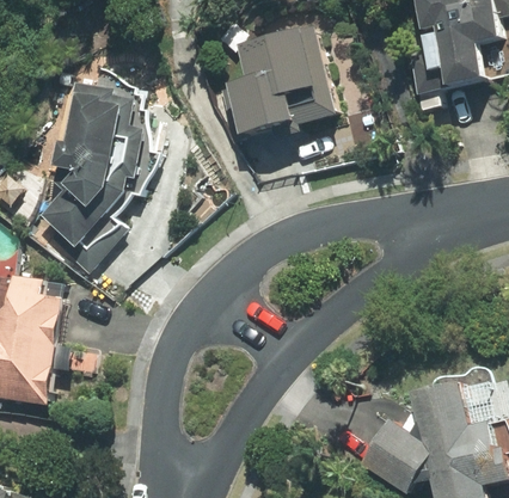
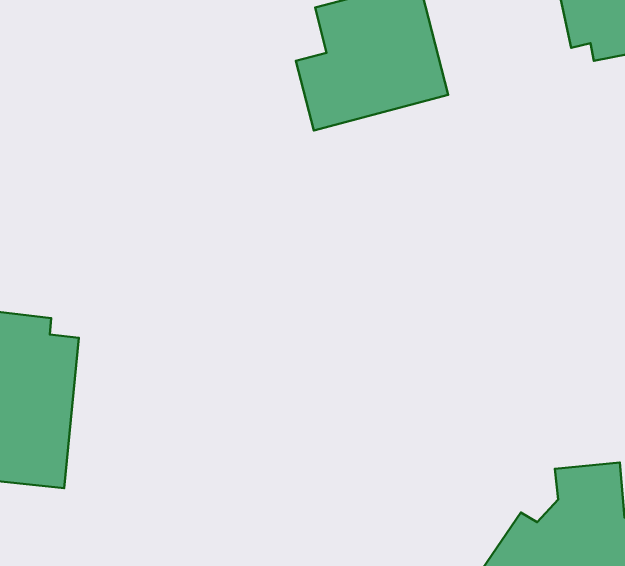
building: [35,87,158,269] -> none

